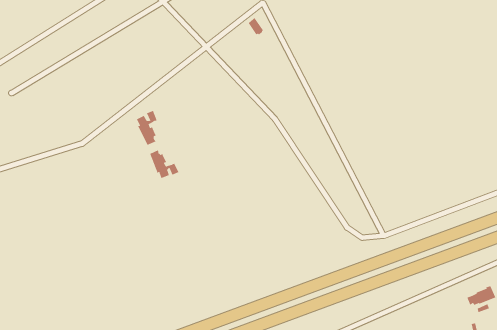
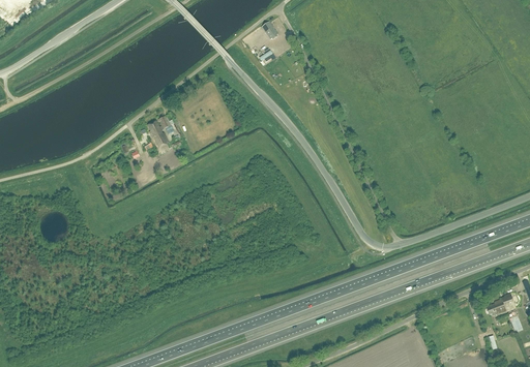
building: [149,149,179,179] -> none

